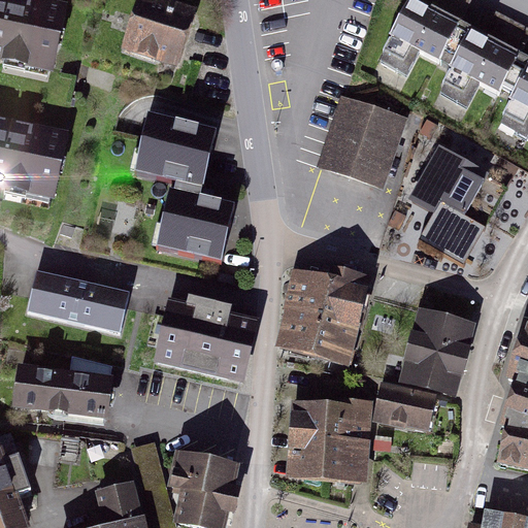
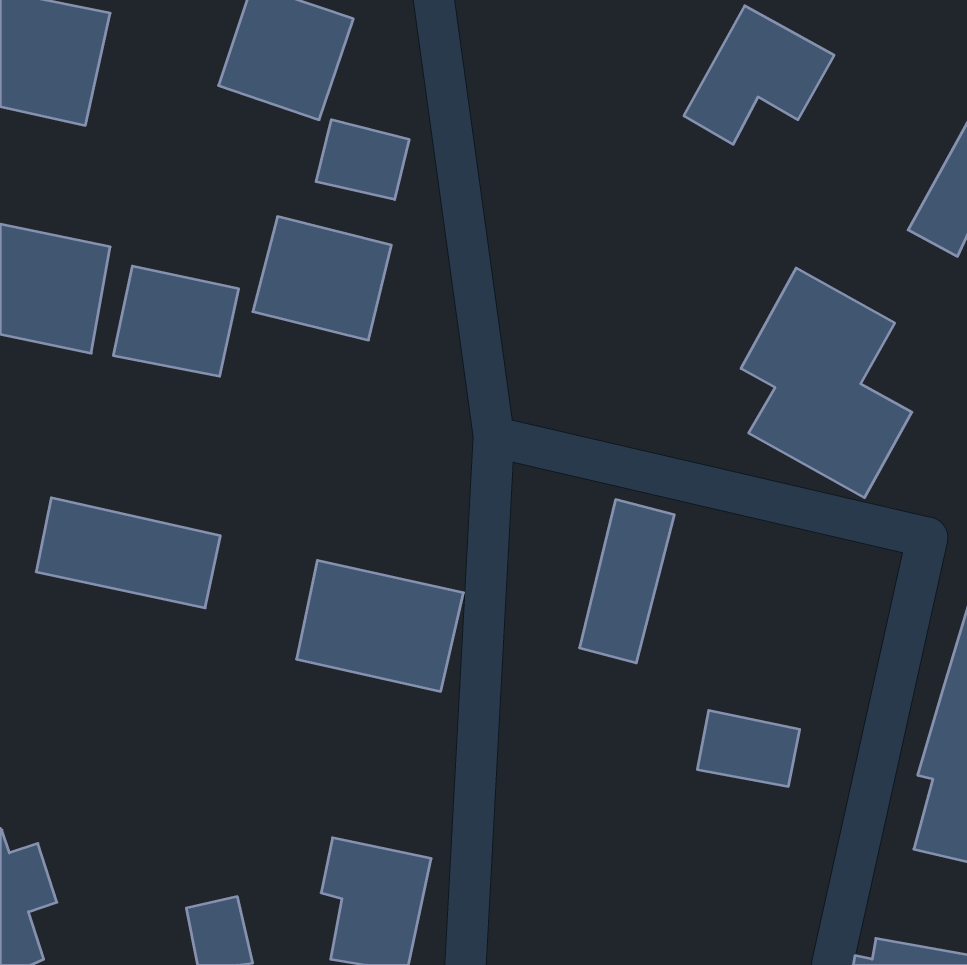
building: [430,31,512,106] -> none
building: none -> [316,120,409,200]
building: [326,101,401,180] -> none
building: [164,196,232,256] -> [113,266,239,376]
building: [282,267,336,352] -> none
building: [406,312,472,394] -> none
building: [6,365,105,418] -> none
building: [295,402,368,477] -> none

